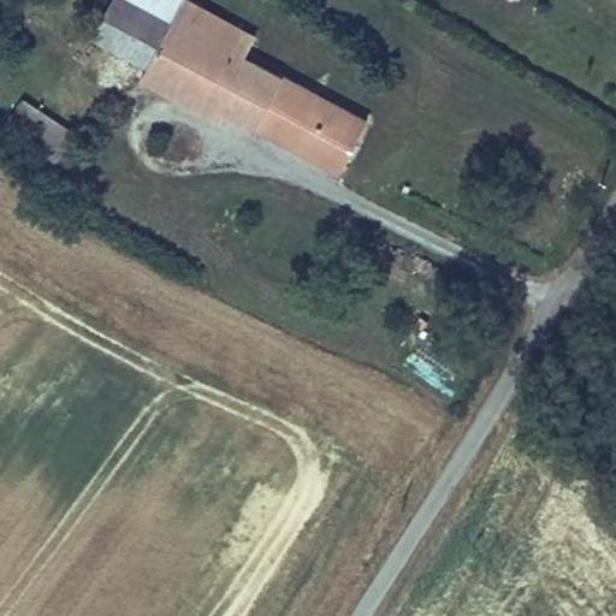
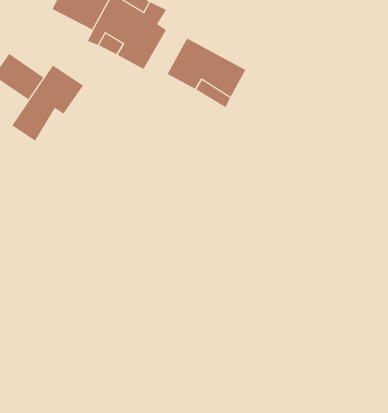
building: [225,66,279,129] -> none
building: none -> [12,65,84,142]

